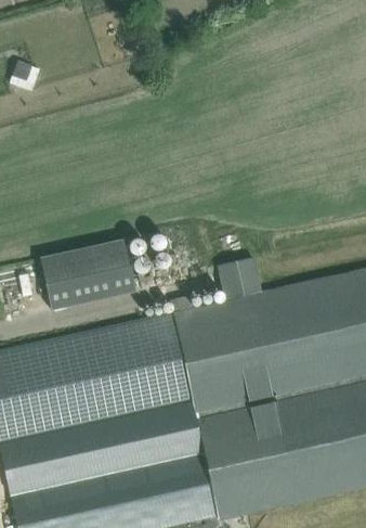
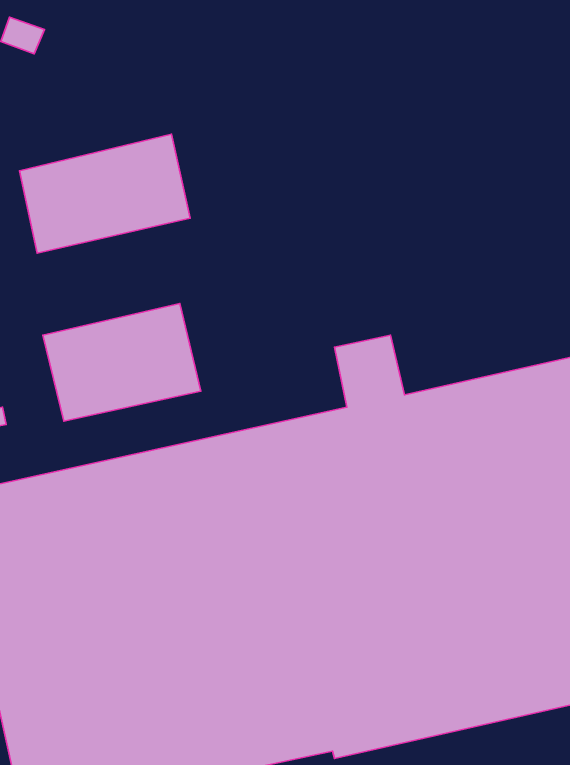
building: none -> [20,134,190,253]

